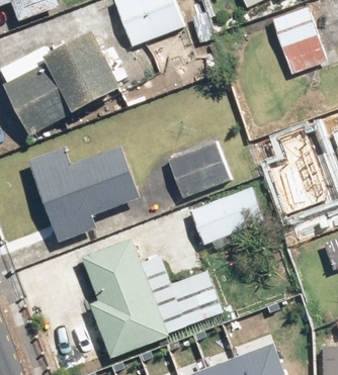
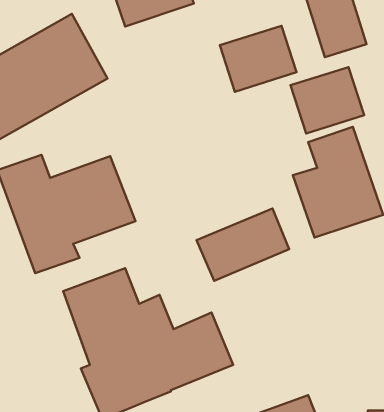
building: none -> [220,26,297,92]
building: none -> [291,67,364,133]
building: [171,142,228,195] -> none

